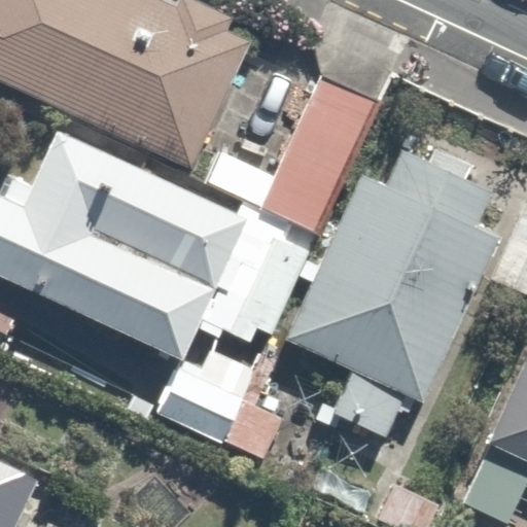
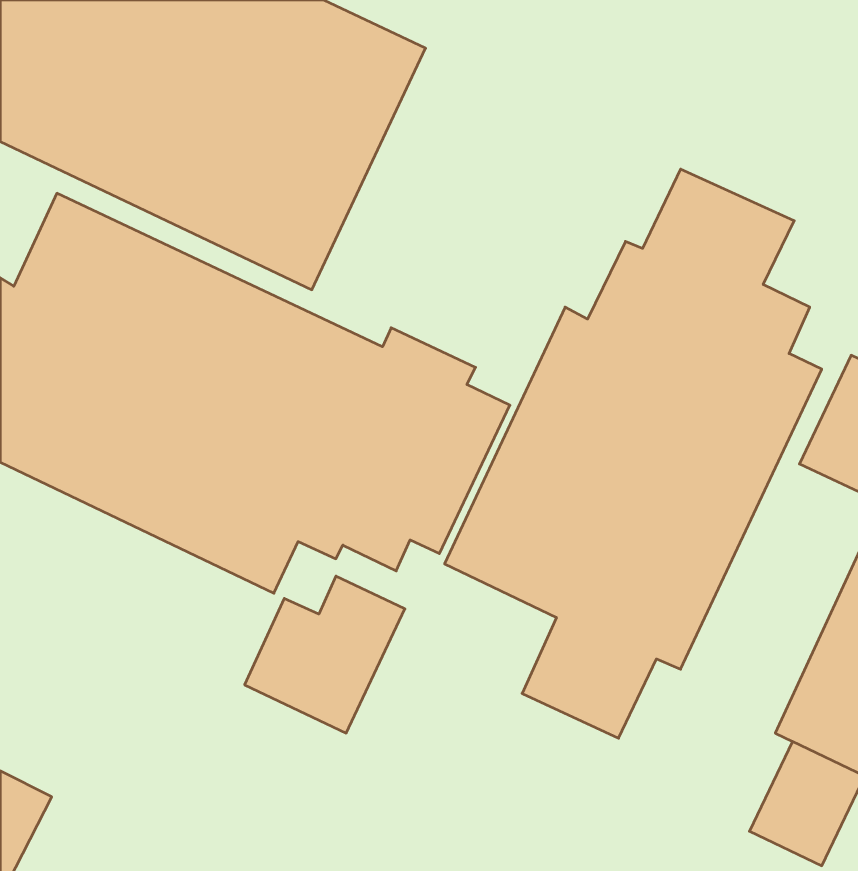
building: [211,62,387,236] -> none

